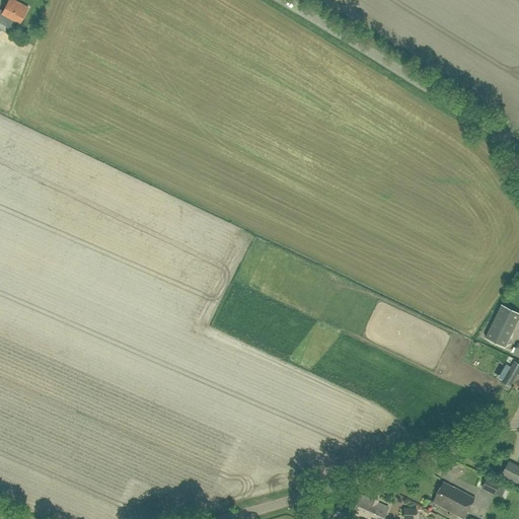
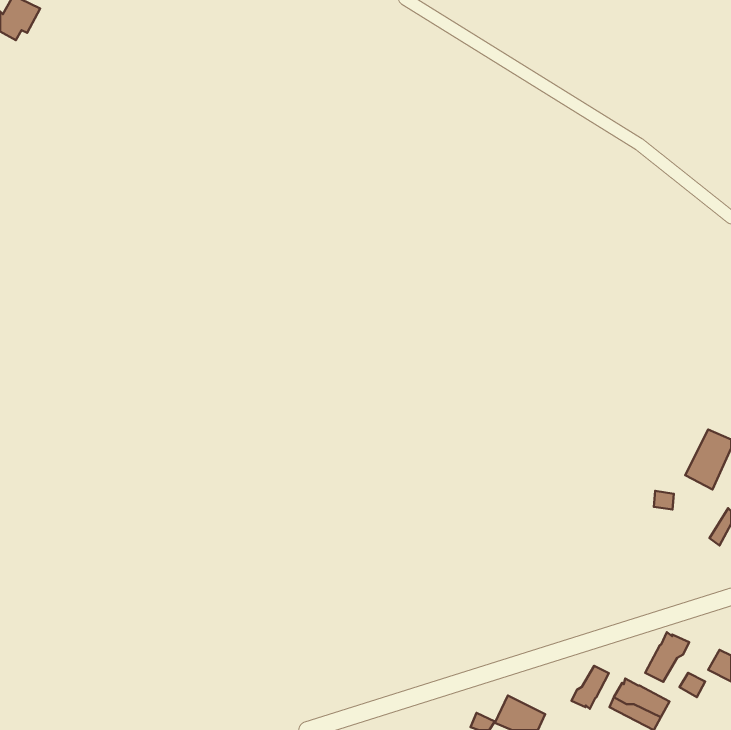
building: none -> [645,632,689,682]
building: none -> [572,666,609,709]

